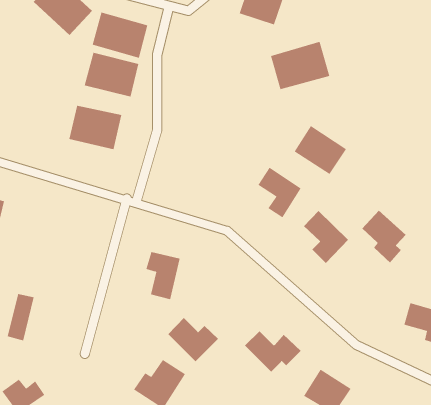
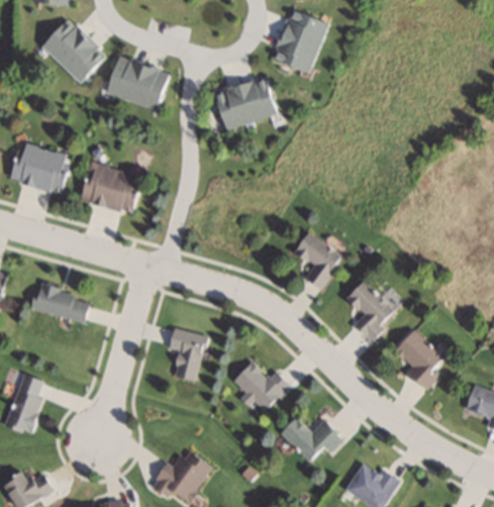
building: [270,41,330,90] -> [213,76,281,130]
building: [84,52,139,97] -> [9,143,72,194]
building: [294,125,347,175] -> none
building: [362,210,406,264] -> [393,330,443,391]
building: none -> [29,285,91,321]
building: [168,317,219,362] -> [232,361,290,411]

